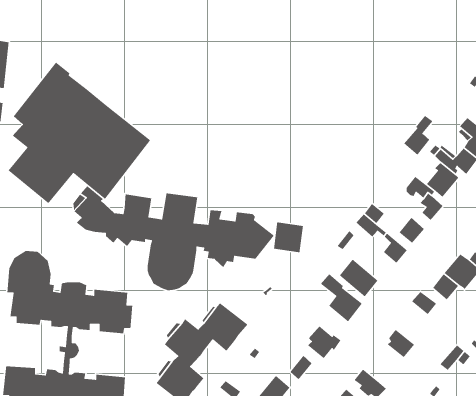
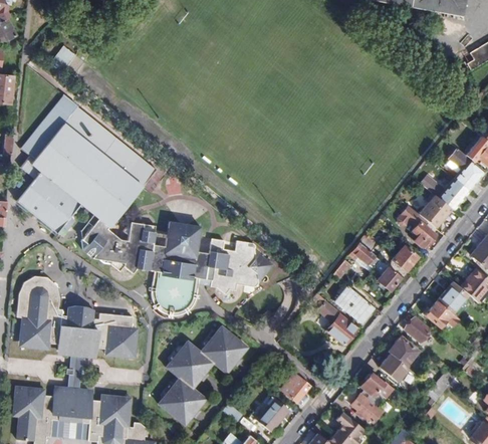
building: [403,115,434,156] -> none
building: [273,222,304,253] -> none
building: none -> [388,335,418,365]
building: [307,326,342,359] -> [358,372,392,404]

